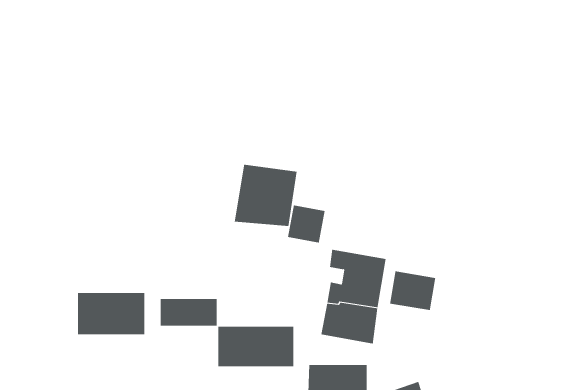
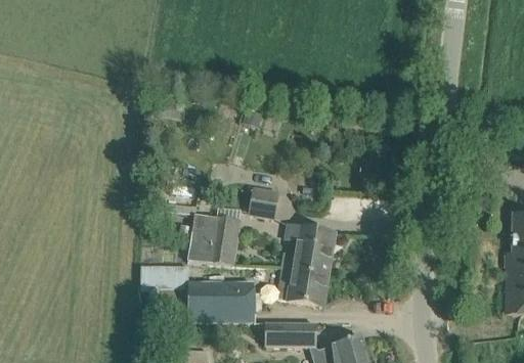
building: [234,164,297,227] -> [186,211,241,264]
building: [389,271,436,311] -> none
building: [77,292,145,335] -> none

